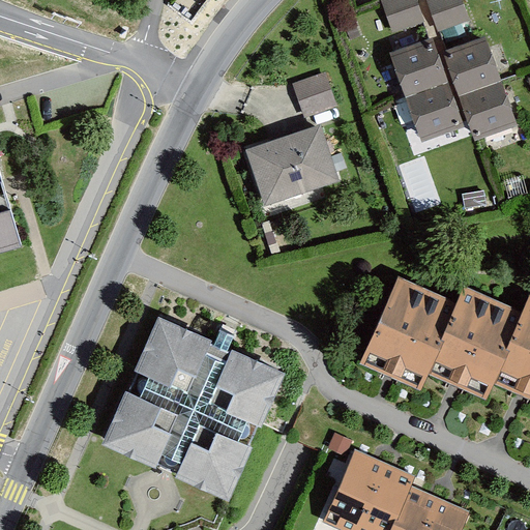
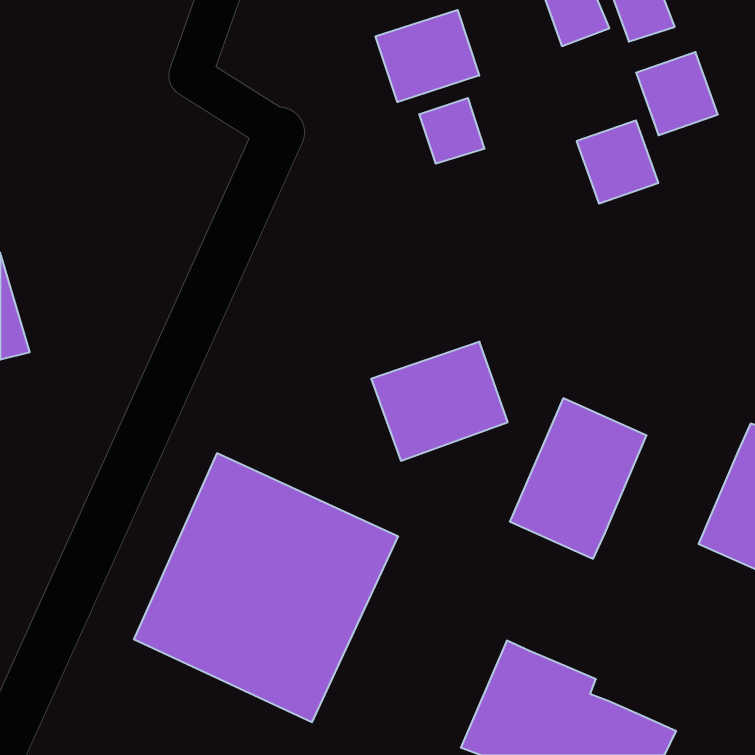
building: none -> [376,10,479,102]
building: [389,40,446,98] -> none
building: [462,80,519,138] -> none
building: [244,124,340,207] -> [371,342,508,461]
building: [424,289,518,396] -> none

